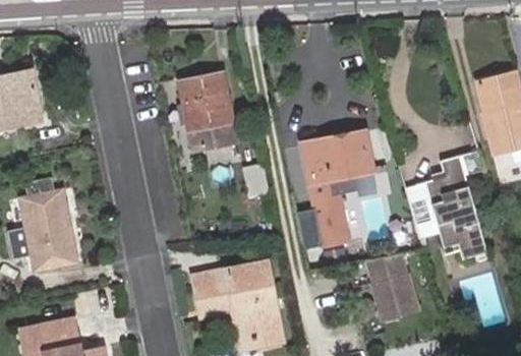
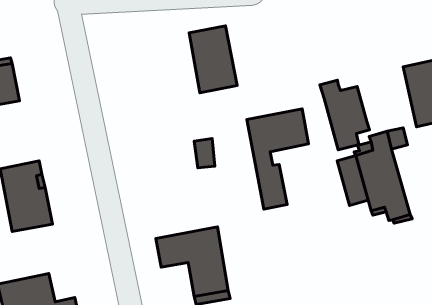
building: [181,75,236,152] -> [189,26,237,93]
building: none -> [320,80,370,150]
building: [364,251,416,339] -> none

